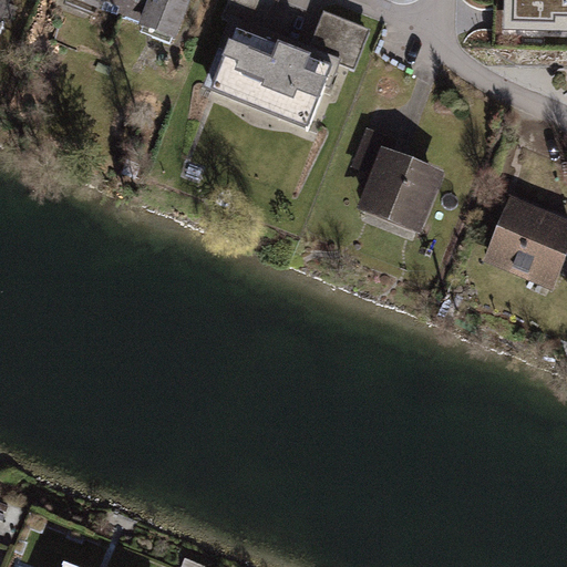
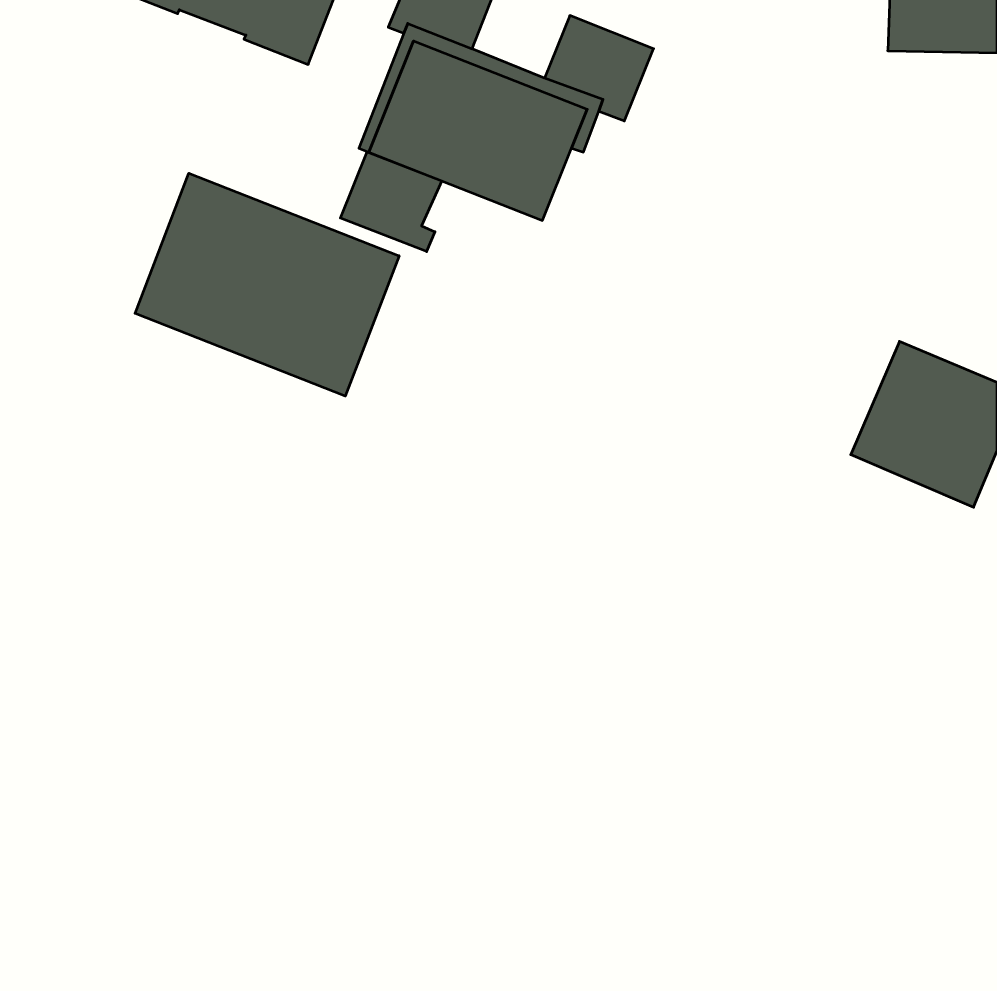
building: none -> [340,152,442,252]
building: none -> [135,173,399,396]
building: [351,126,445,233] -> none

